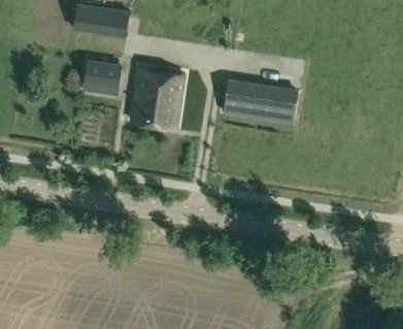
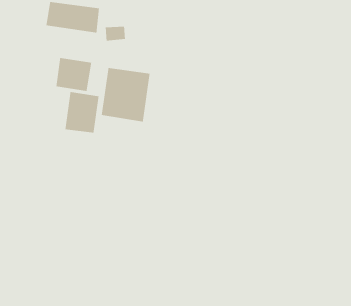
building: [223,80,297,125] -> none
building: none -> [64,91,99,133]

